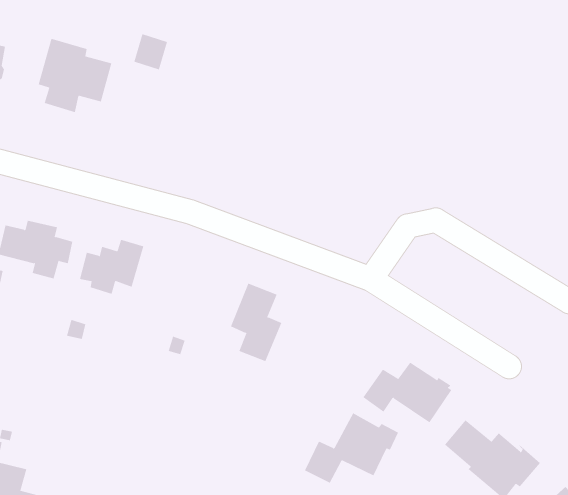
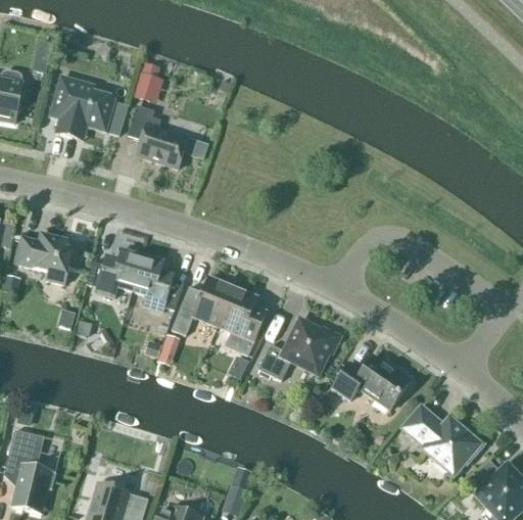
building: none -> [128,105,188,169]
building: none -> [133,255,185,312]
building: none -> [172,277,233,335]
building: [304,413,399,483] -> [258,319,340,380]

